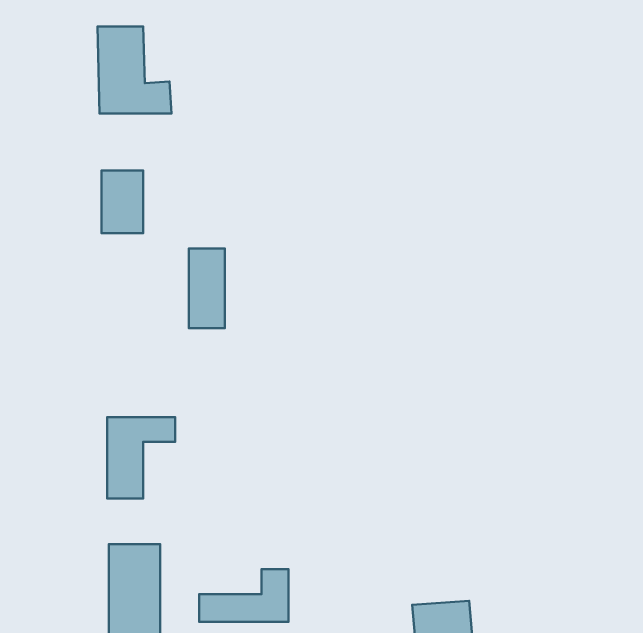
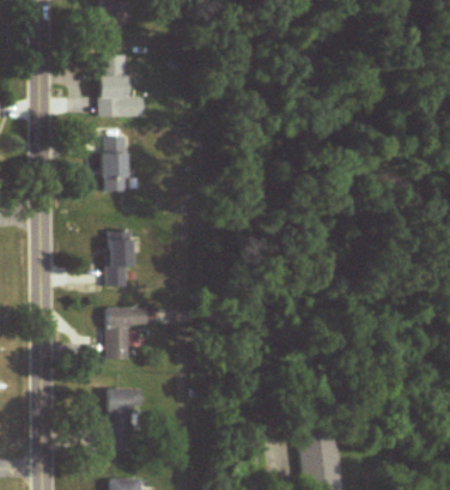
building: [189,249,225,328] -> [107,236,129,286]
building: [199,569,289,622] -> none

